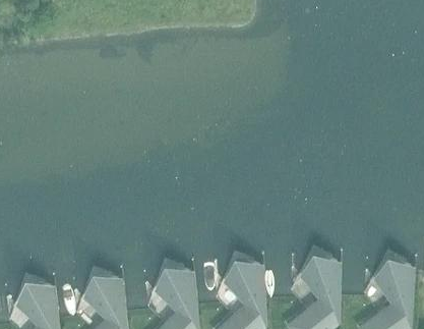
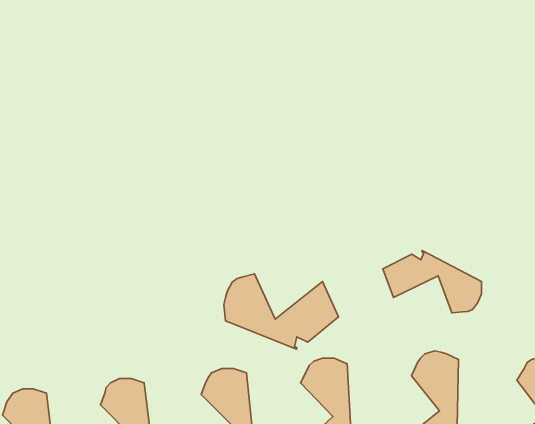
building: none -> [383,251,482,313]
building: none -> [224,274,339,349]

